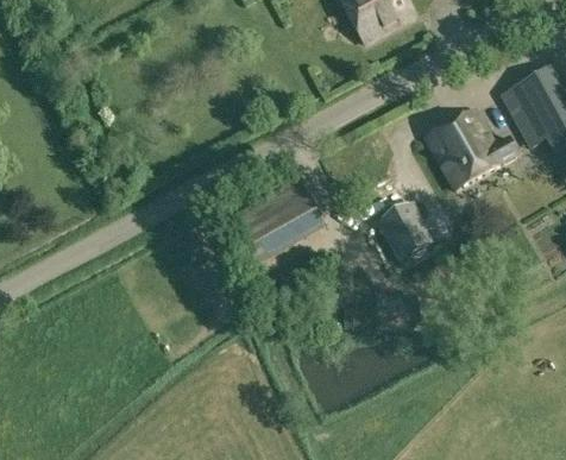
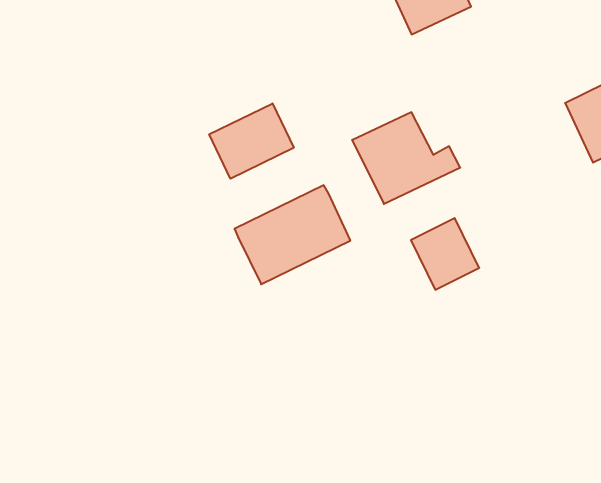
building: [423,108,518,189] -> [352,112,460,204]
building: none -> [209,103,294,179]

